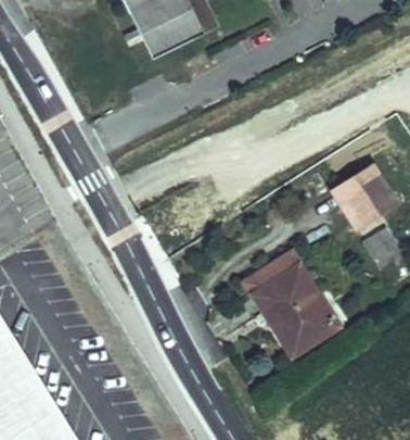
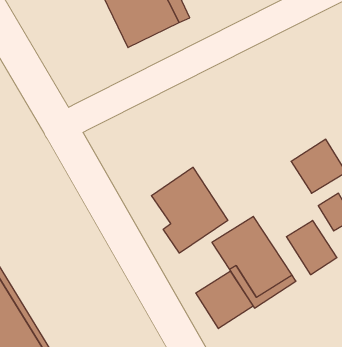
building: none -> [151,167,228,253]
building: none -> [286,220,337,275]
building: none -> [196,271,253,329]

